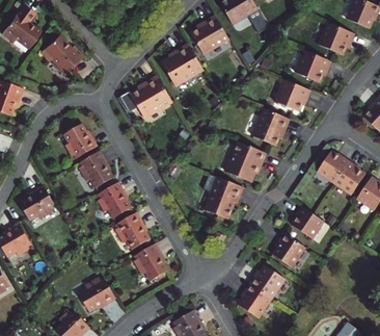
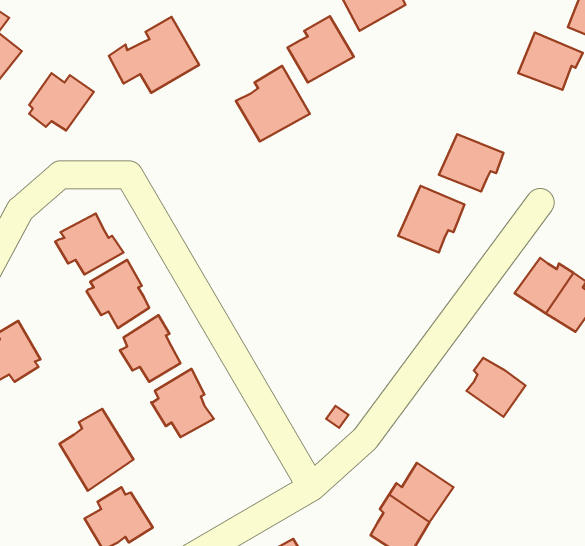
building: [297,50,333,82] -> none
building: [120,72,171,114] -> [109,17,199,93]
building: [227,141,268,182] -> none
building: [203,173,243,218] -> none
building: [270,231,303,265] -> none
building: none -> [59,409,133,491]
building: [134,242,168,281] -> none

